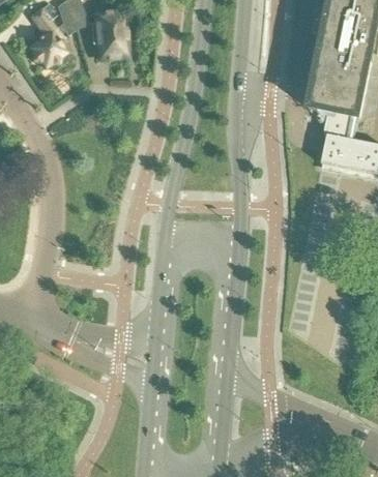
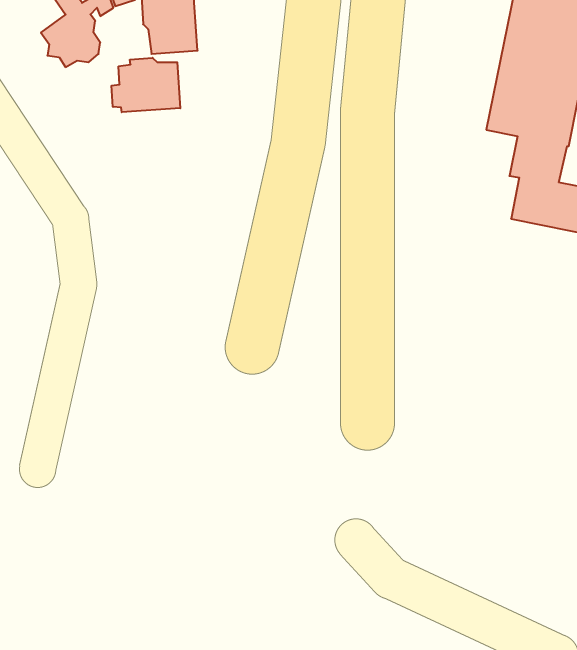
building: none -> [112,58,180,112]

